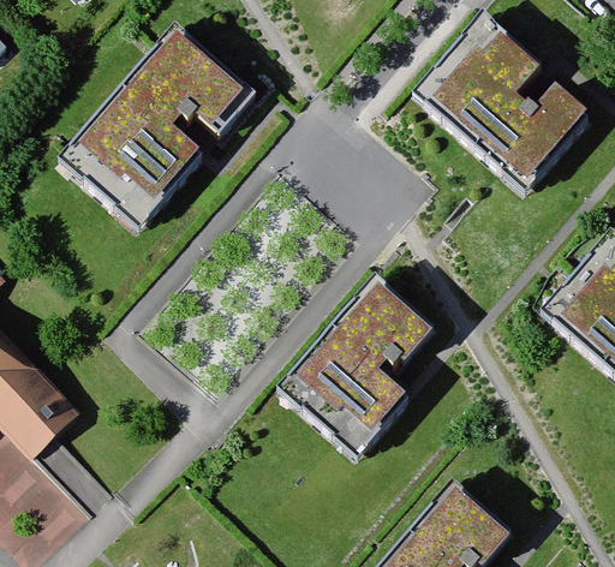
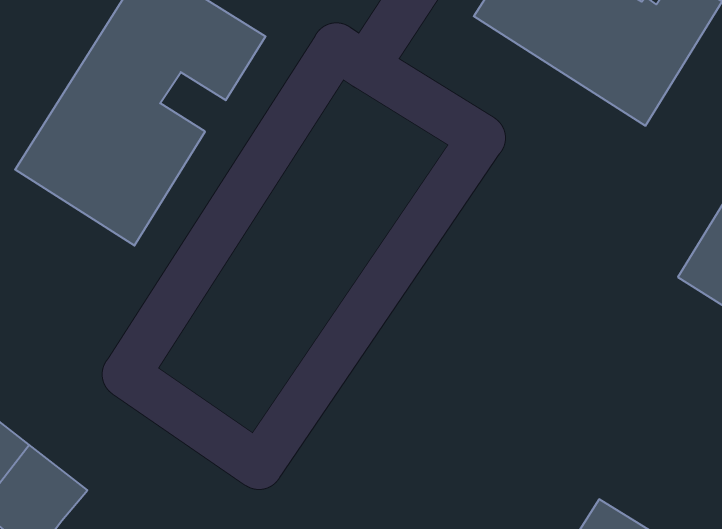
building: [276,285,446,460] -> none

